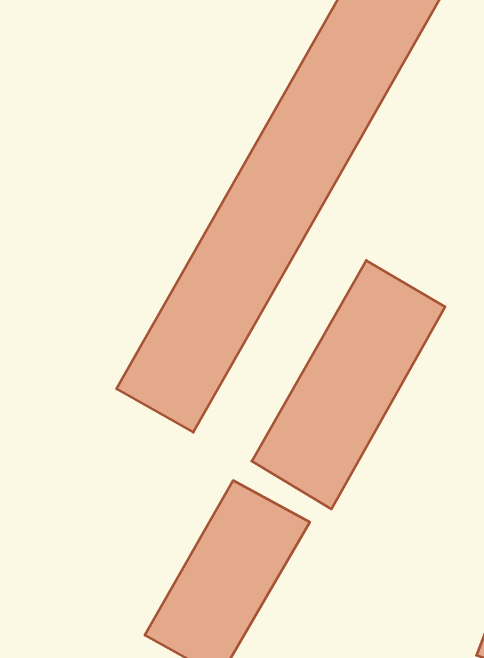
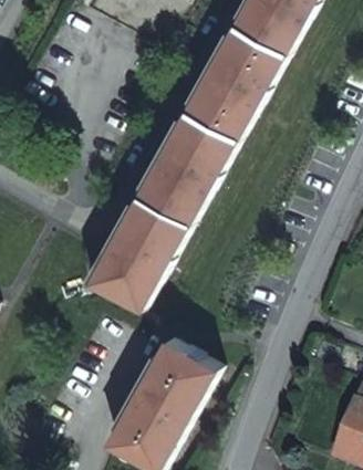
building: [252,260,445,509] -> none

